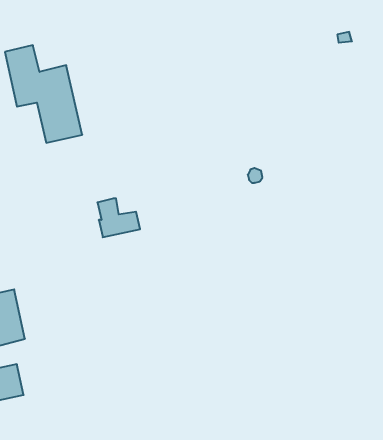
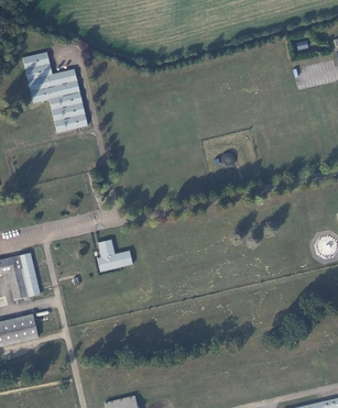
building: [97,198,140,237] -> [97,240,132,272]

